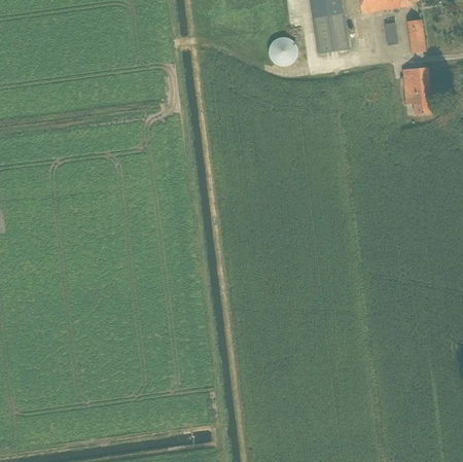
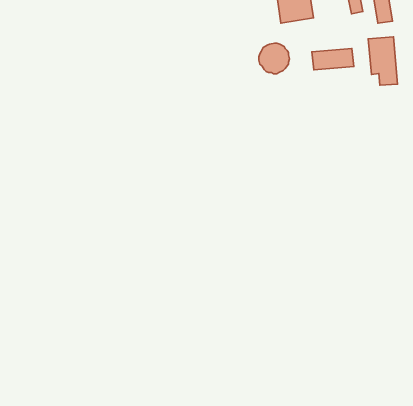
building: [269,37,298,67] -> [259,43,289,74]
building: none -> [312,48,354,70]

